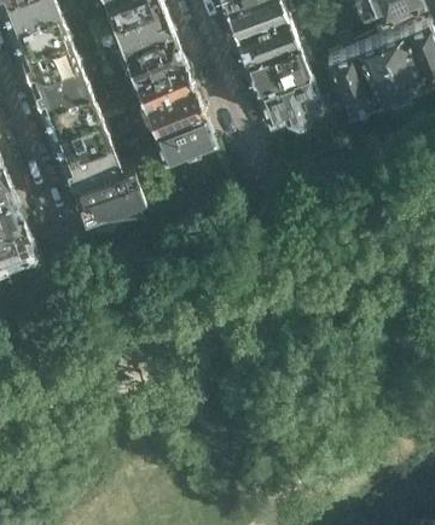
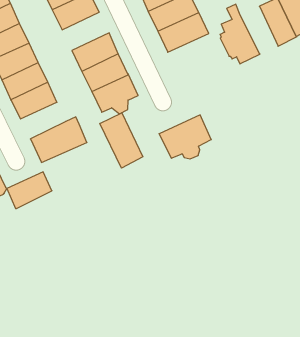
building: [123,35,184,82] -> none
building: [354,42,400,105] -> none
building: [257,72,324,128] -> [159,115,211,159]
building: [62,147,120,192] -> [7,172,52,208]
building: none -> [100,113,143,168]

